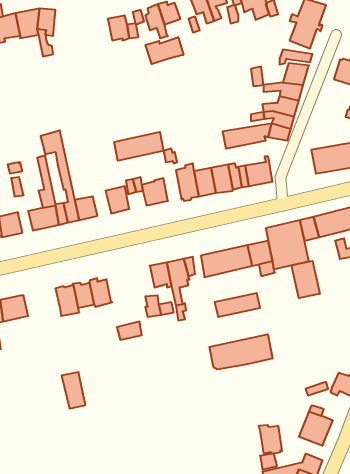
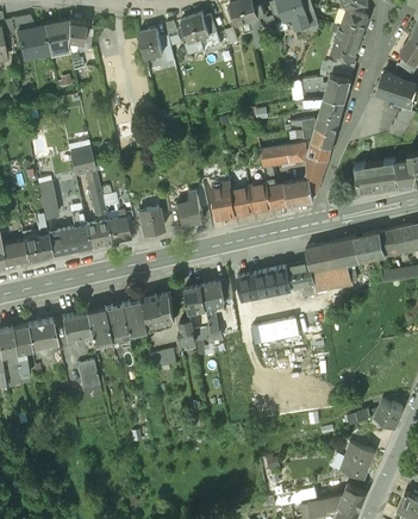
building: [145,37,183,64] -> none
building: [114,132,163,161] -> none
building: none -> [304,155,327,196]
building: [292,261,320,298] -> none
building: none -> [138,295,175,329]
building: none -> [61,314,89,345]
building: [209,334,272,369] -> none
building: [62,372,85,408] -> [75,361,100,399]
building: [259,425,282,454] -> none

